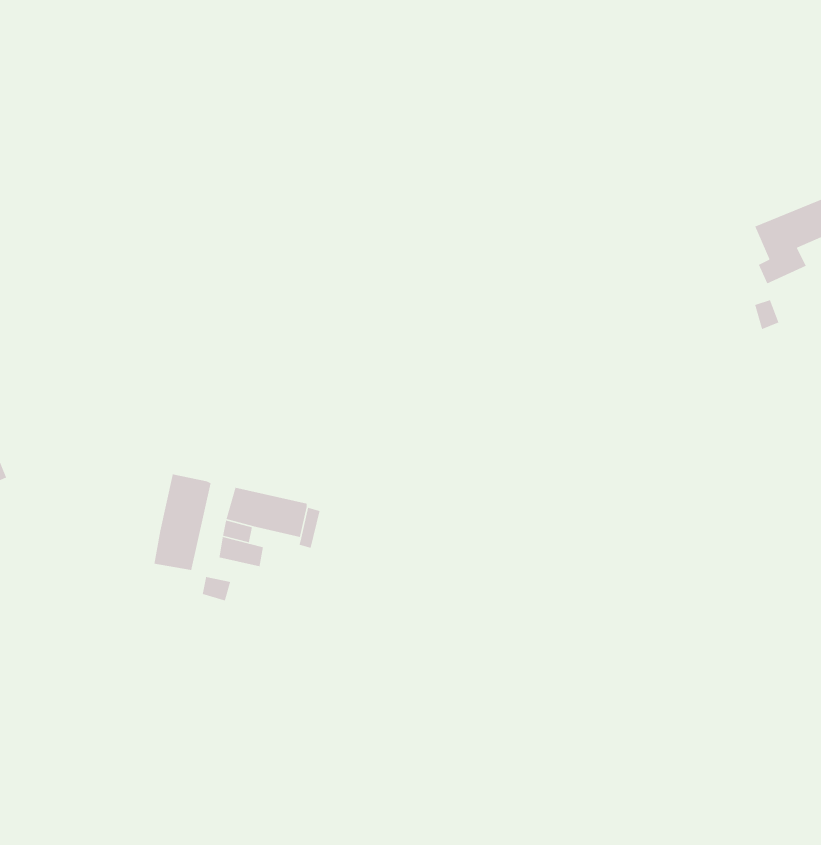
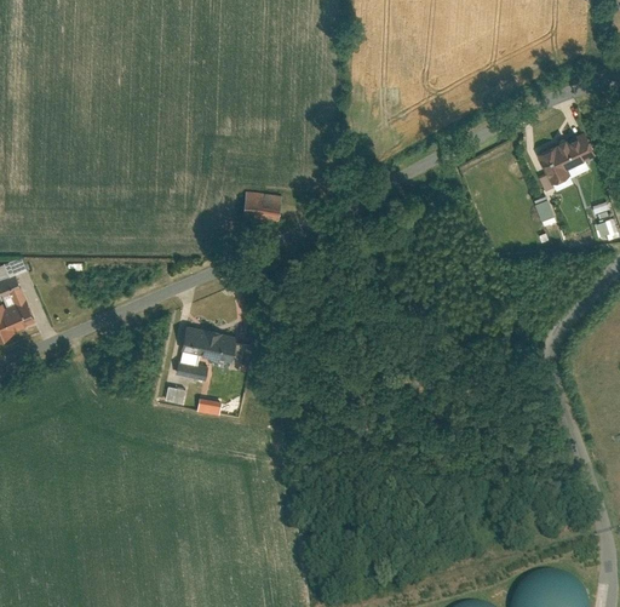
building: none -> [248,196,285,222]
building: [153,473,211,571] -> none

